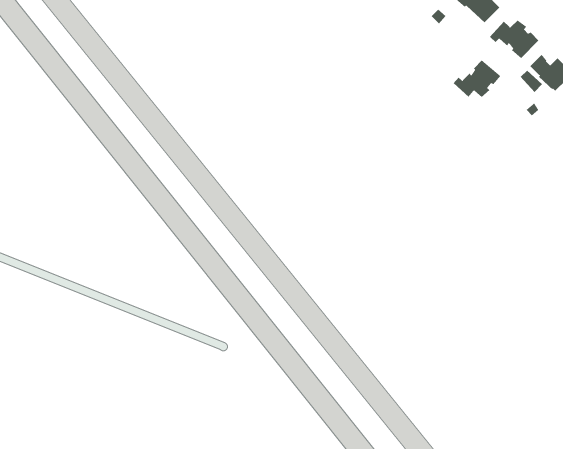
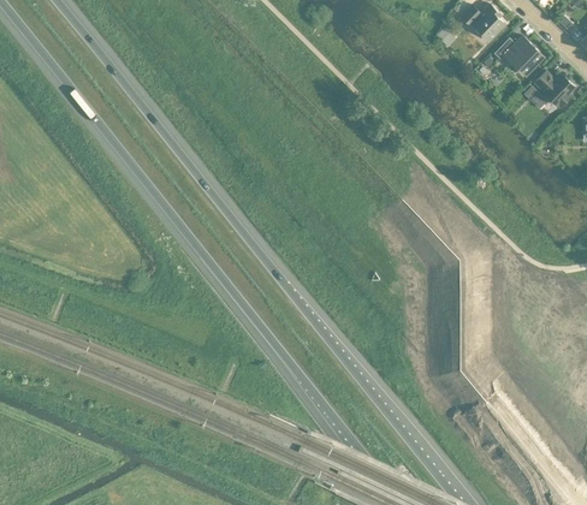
building: [453,60,501,98] -> none

